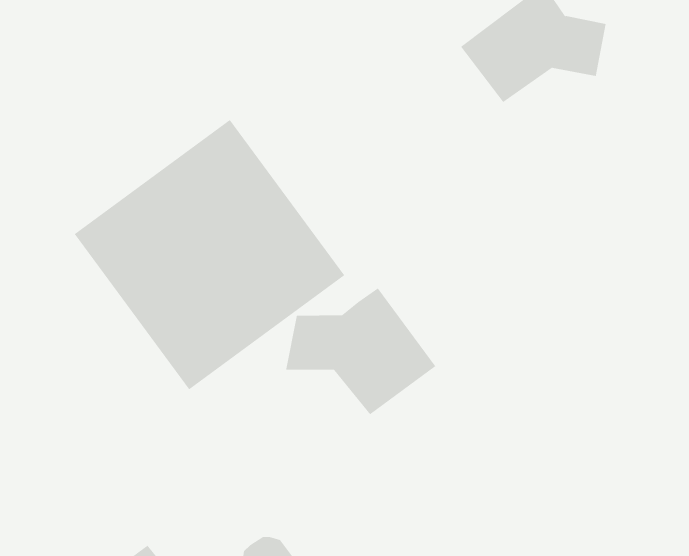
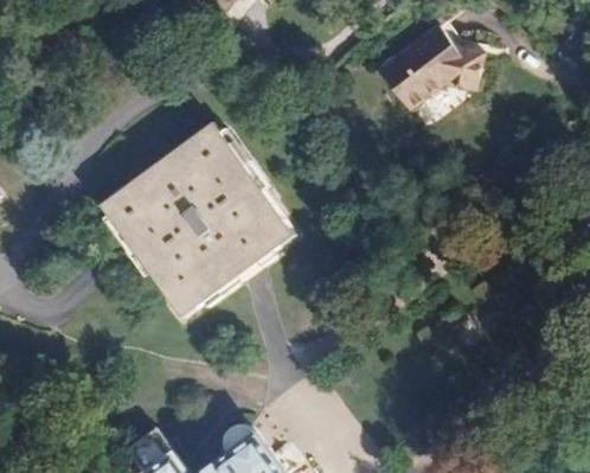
building: [285,287,436,415] -> none

